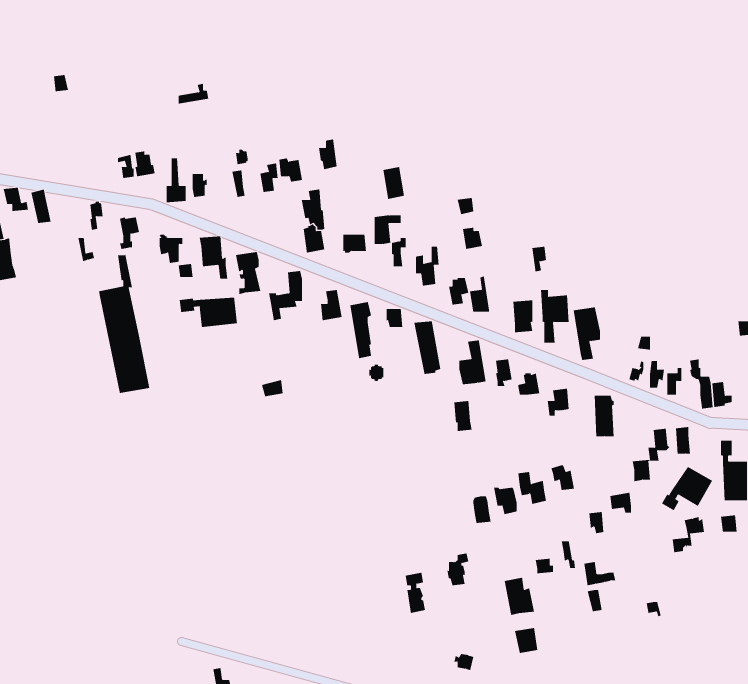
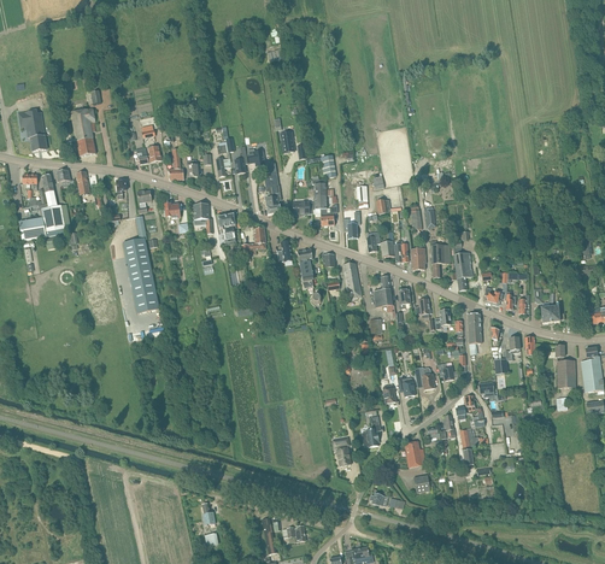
building: none -> [72,107,96,155]
building: [179,297,238,328] -> none
building: [661,466,713,511] -> none

